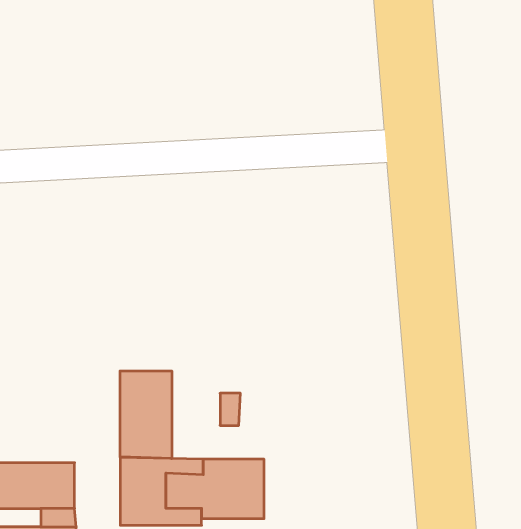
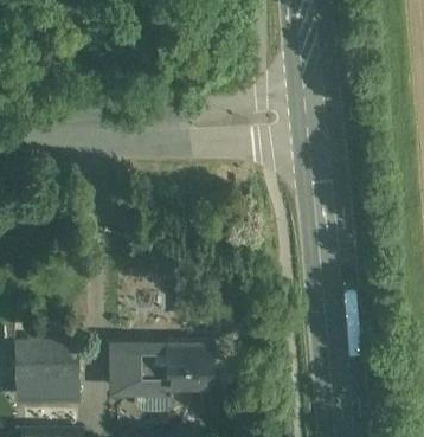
building: [120,371,172,459] -> none

